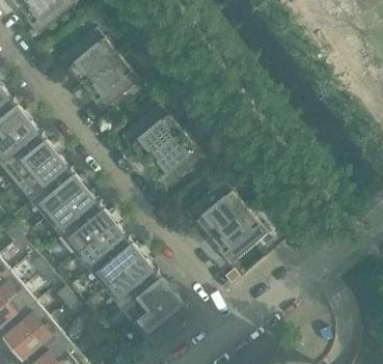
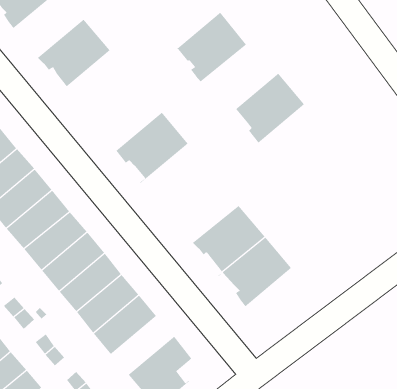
building: [80,56,141,114] -> [173,12,247,82]
building: [144,133,206,191] -> [231,73,305,143]
building: [119,275,172,324] -> none

